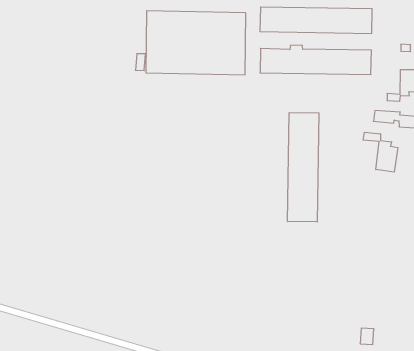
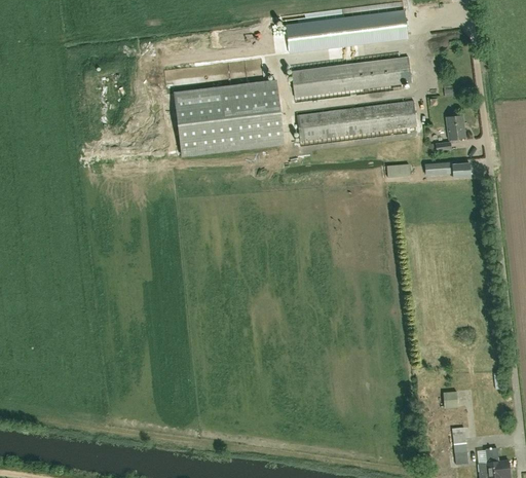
building: [288,113,319,222] -> none
building: [363,132,398,172] -> none

